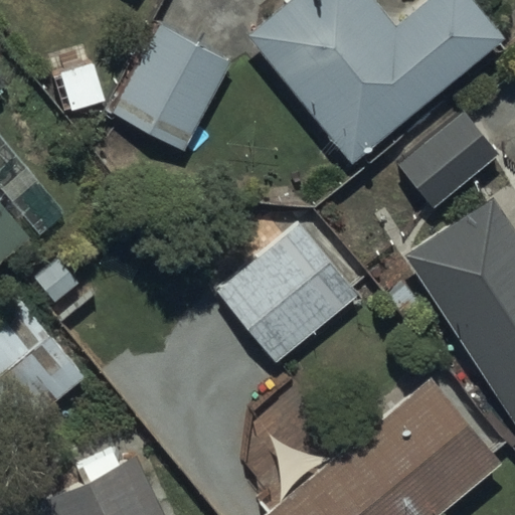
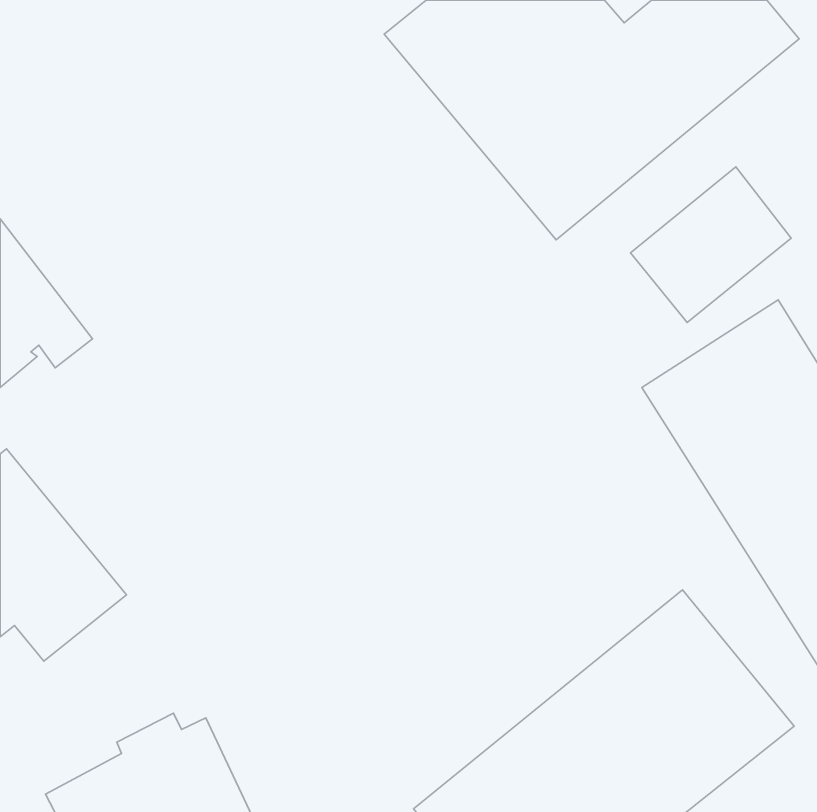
building: [113,27,228,152] -> none
building: [219,215,372,363] -> none

